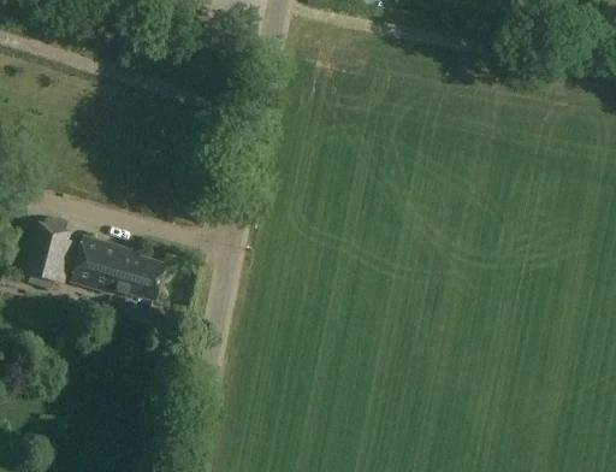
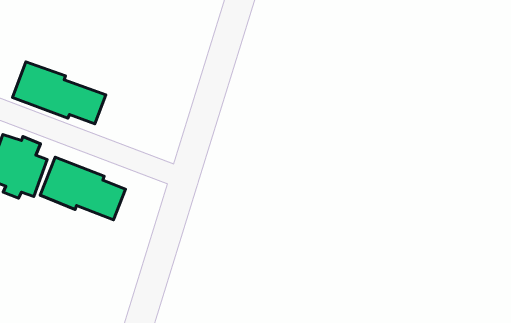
building: none -> [12,62,106,124]

